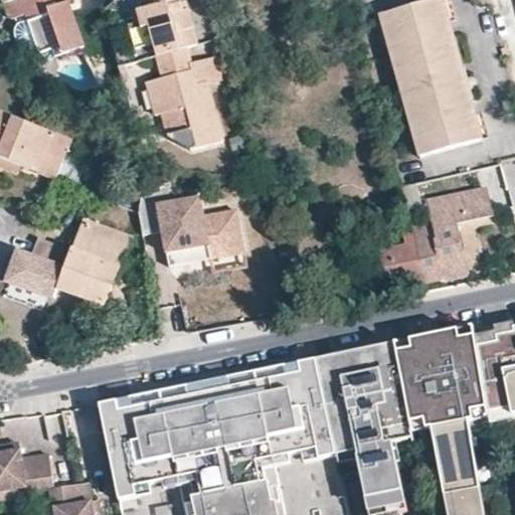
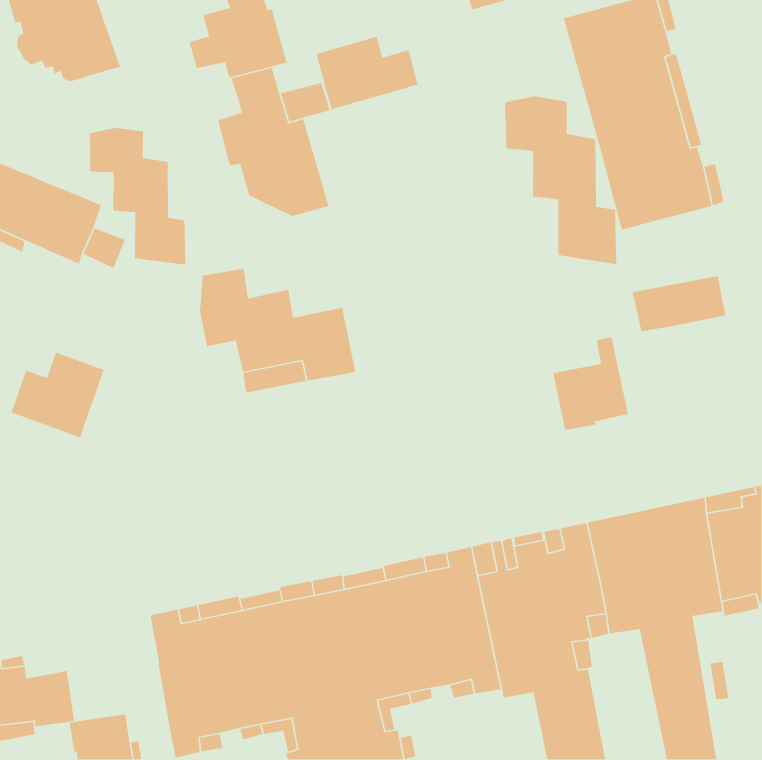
building: none -> [316,36,418,110]
building: none -> [504,96,617,265]
building: none -> [89,127,186,266]
building: [57,216,131,308] -> none
building: [411,219,465,279] -> none

